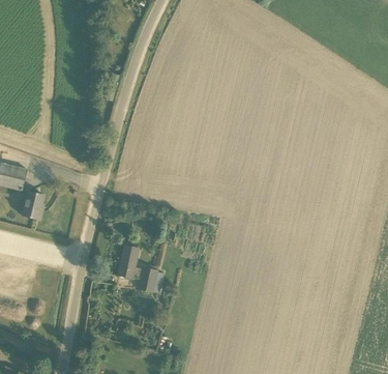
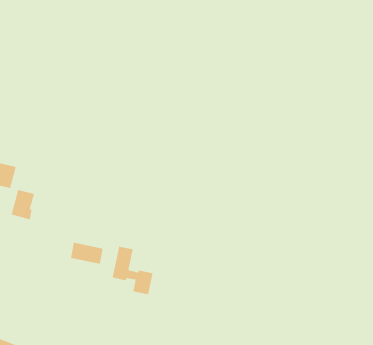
building: none -> [71,242,103,265]

